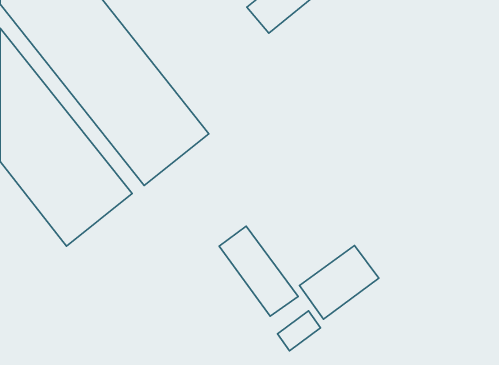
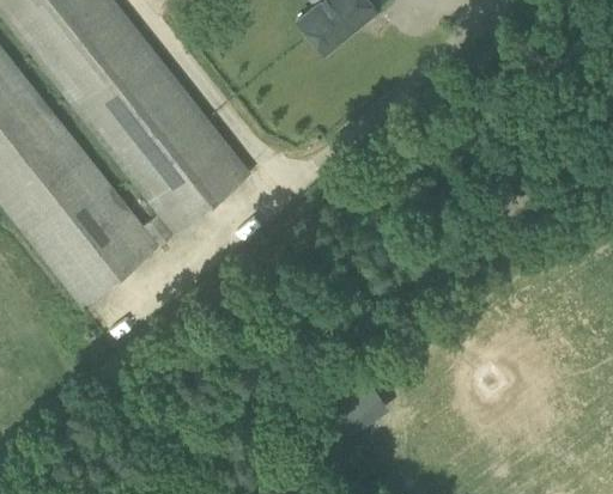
building: [219,226,298,316] -> none
building: [299,246,379,319] -> none

